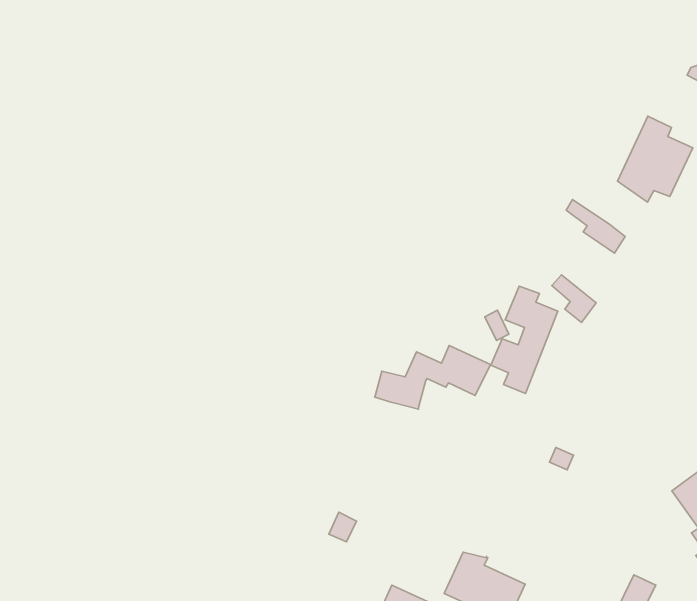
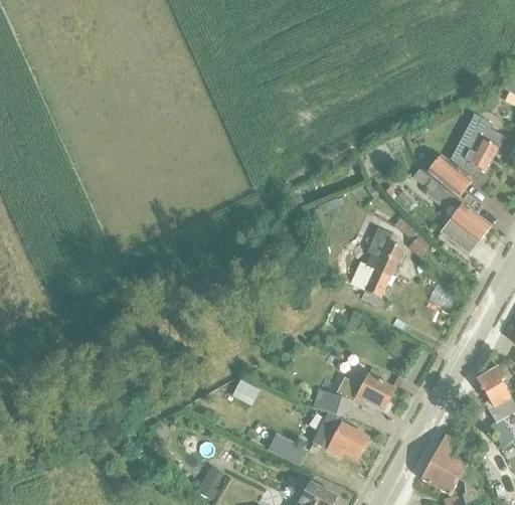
building: none -> [428,155,471,194]
building: none -> [441,203,491,255]
building: [375,345,490,409] -> [313,373,395,416]

